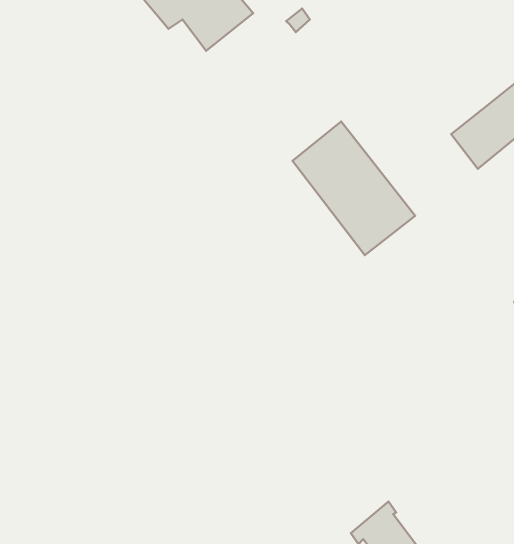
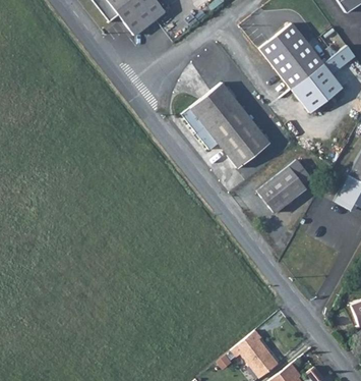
building: none -> [260,25,324,91]
building: none -> [257,162,312,214]

